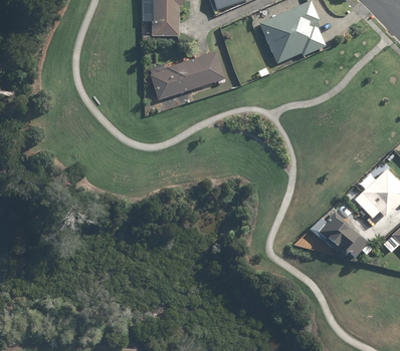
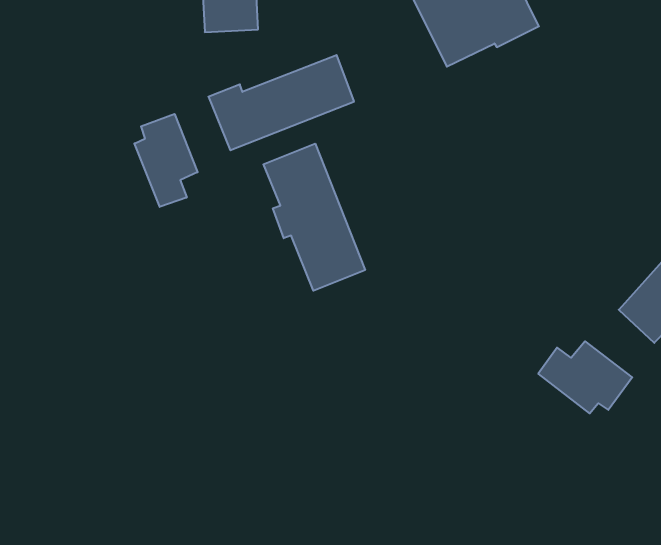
building: none -> [134,114,198,207]
building: none -> [263,144,365,291]

